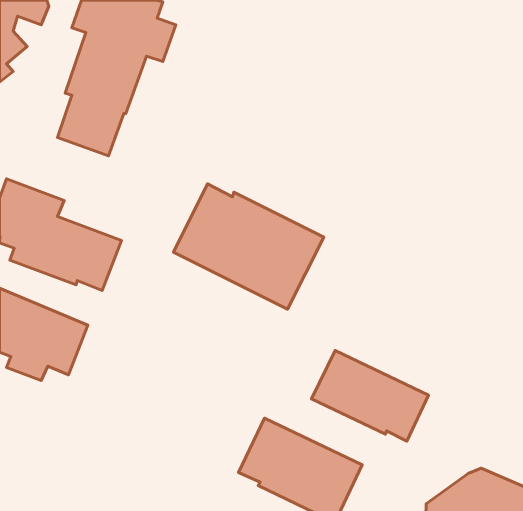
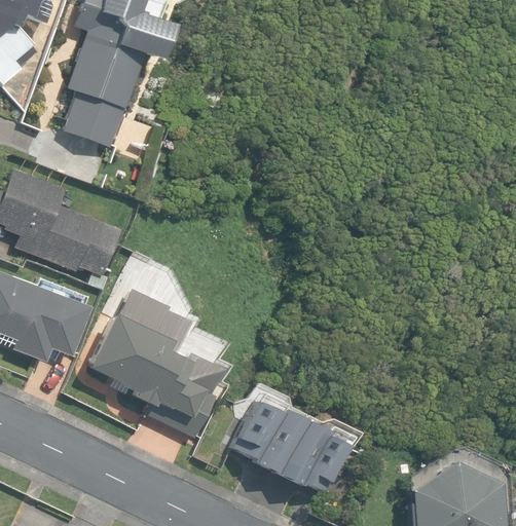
building: [174,184,324,309] -> none
building: none -> [87,311,217,439]
building: [312,350,429,441] -> none

